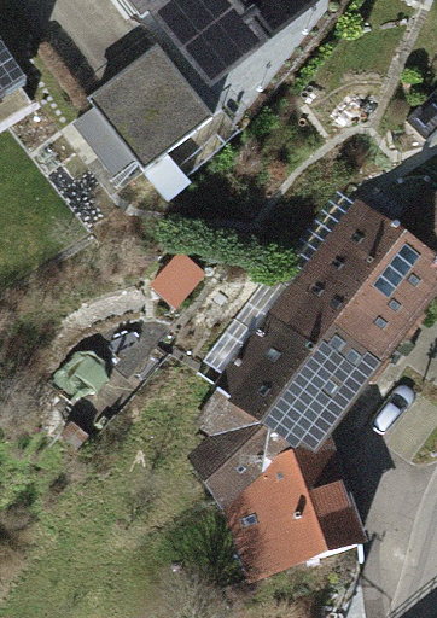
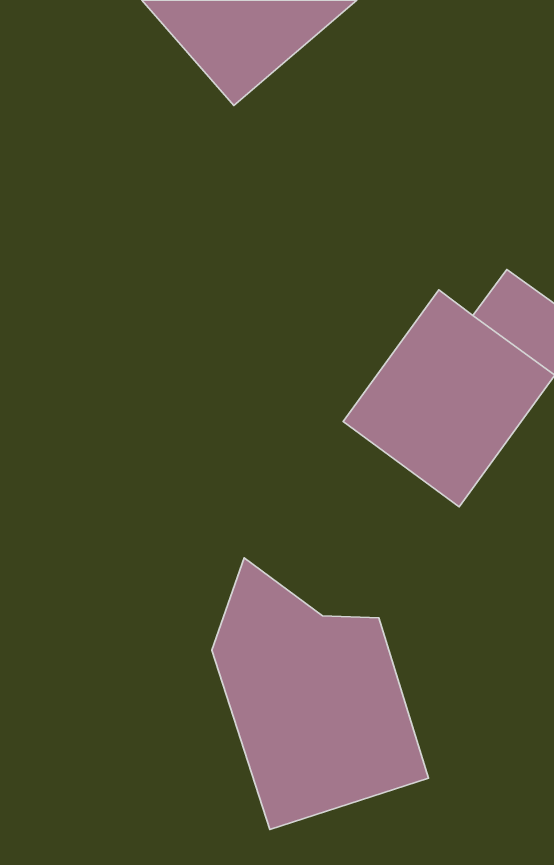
building: [98,42,225,169] -> none
building: [215,301,367,439] -> none

